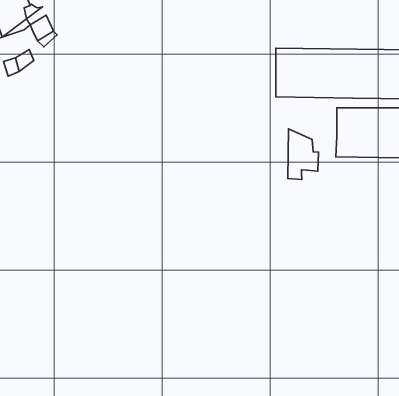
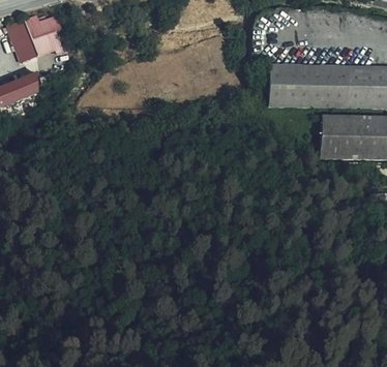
building: [288,129,318,179] -> none

